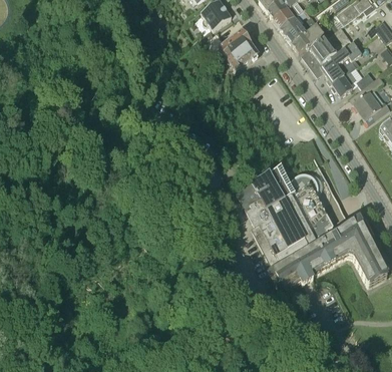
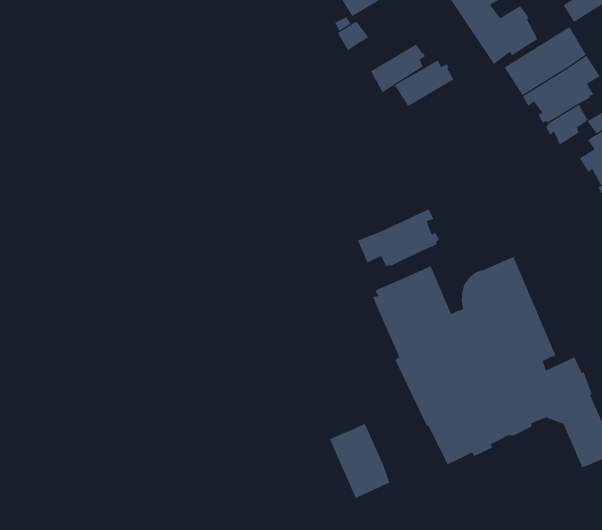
building: [217,31,252,60] -> [394,60,454,107]
building: none -> [357,209,440,268]
building: none -> [329,423,390,499]

